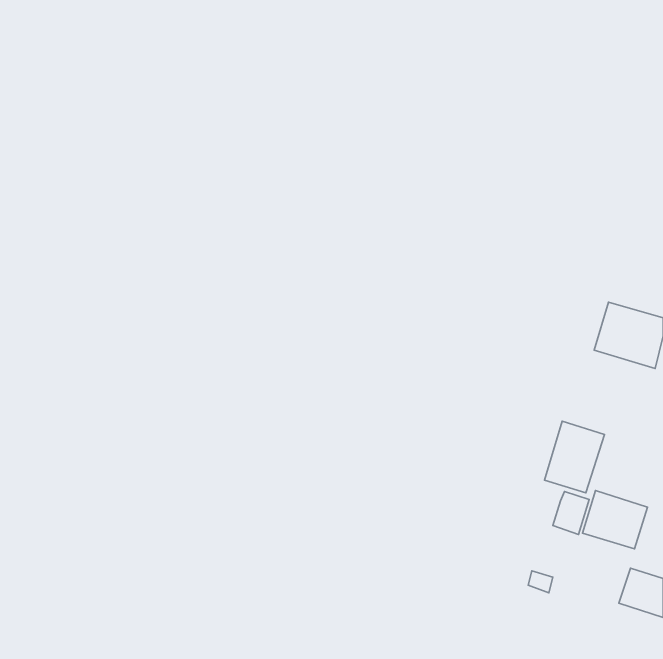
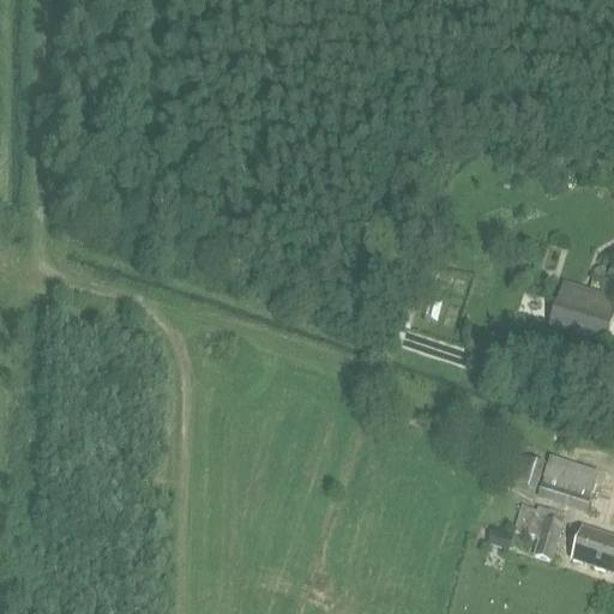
building: [544,421,604,493] -> none
building: none -> [517,504,565,558]

